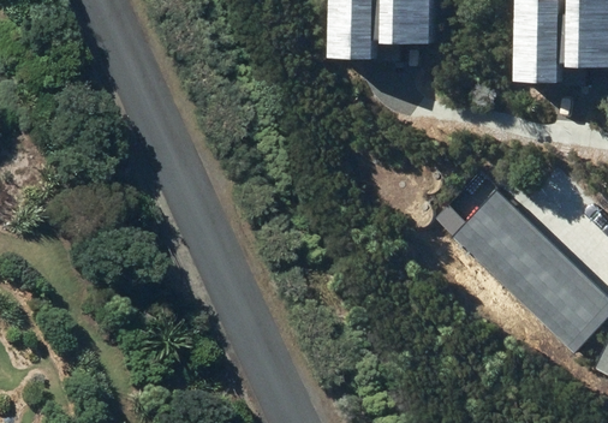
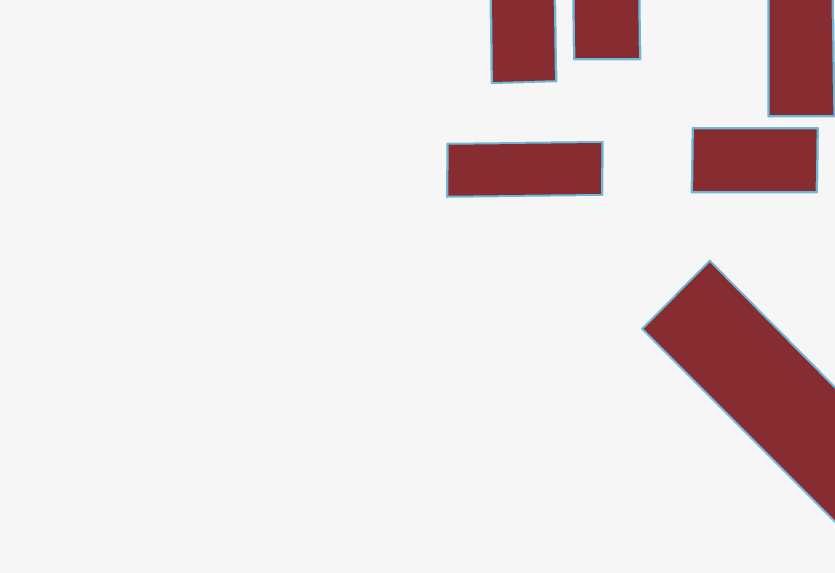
building: none -> [692,128,818,192]
building: none -> [447,142,602,197]

